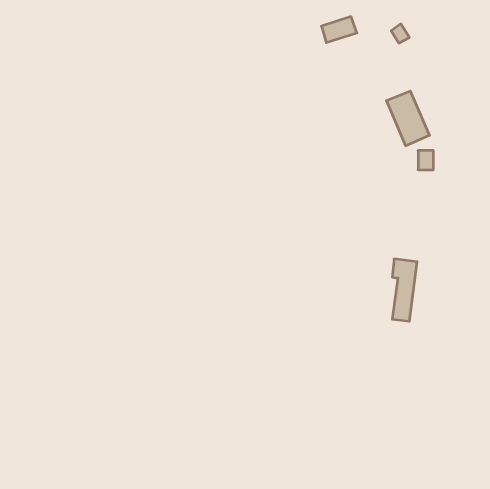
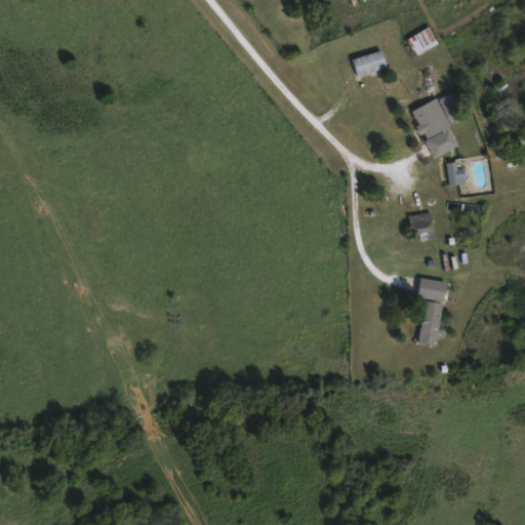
building: [321,17,357,43] -> [351,49,389,77]
building: none -> [410,213,433,234]

